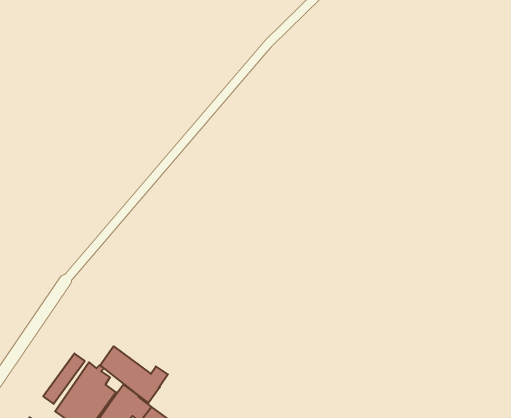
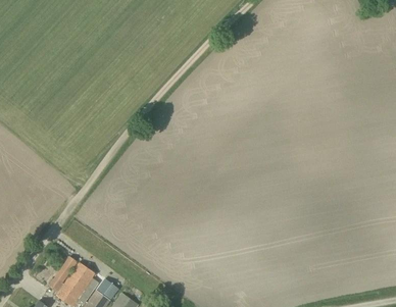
building: [100,346,168,403] -> none

